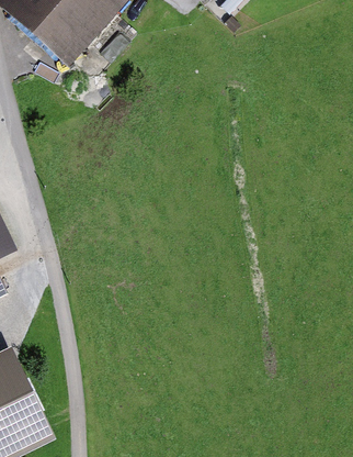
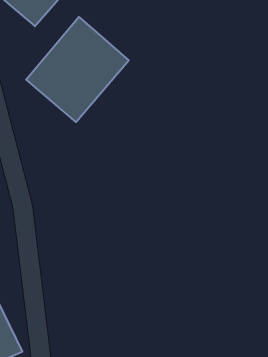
building: none -> [26,17,129,122]

